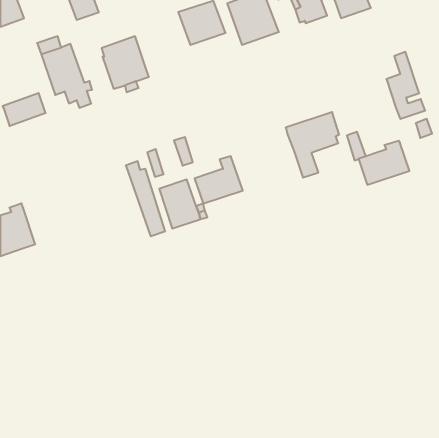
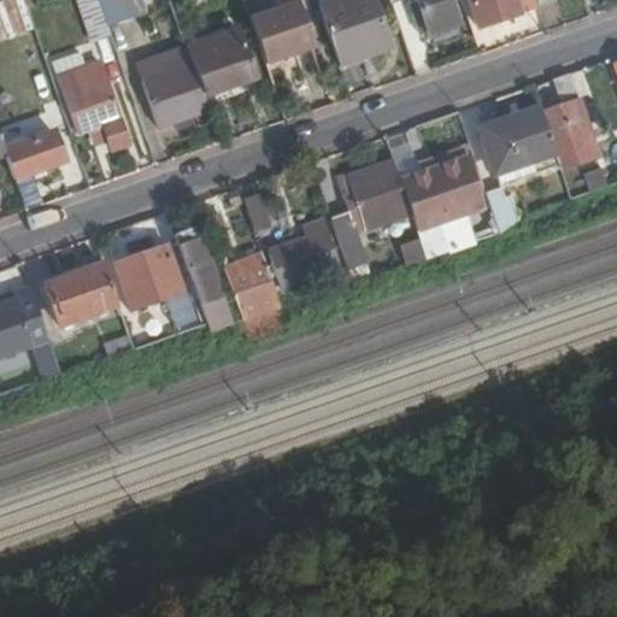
building: none -> [189,28,255,94]
building: none -> [331,159,413,254]
building: [359,141,409,185] -> [484,108,556,170]
building: none -> [117,243,194,325]
building: none -> [47,262,119,324]

